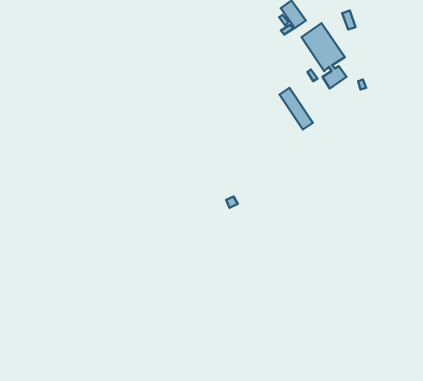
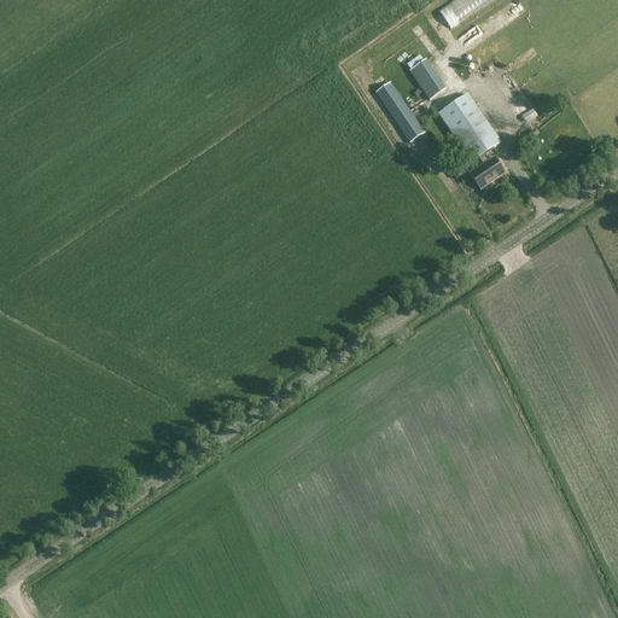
building: [280,88,313,129] -> [375,80,424,140]

